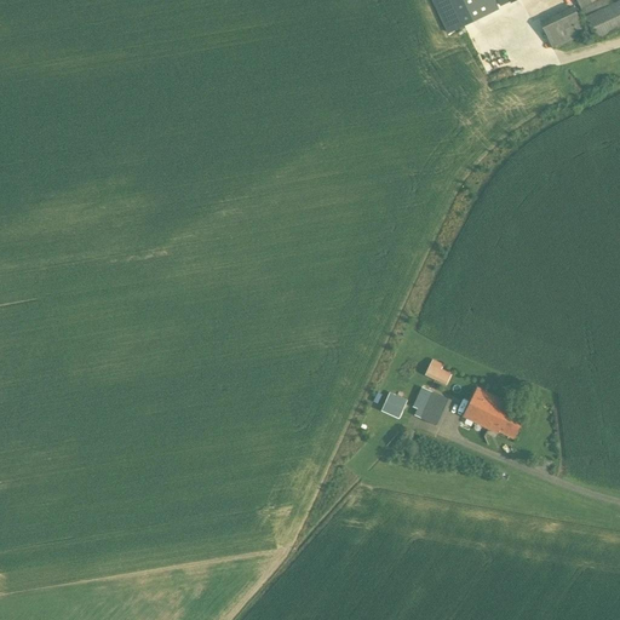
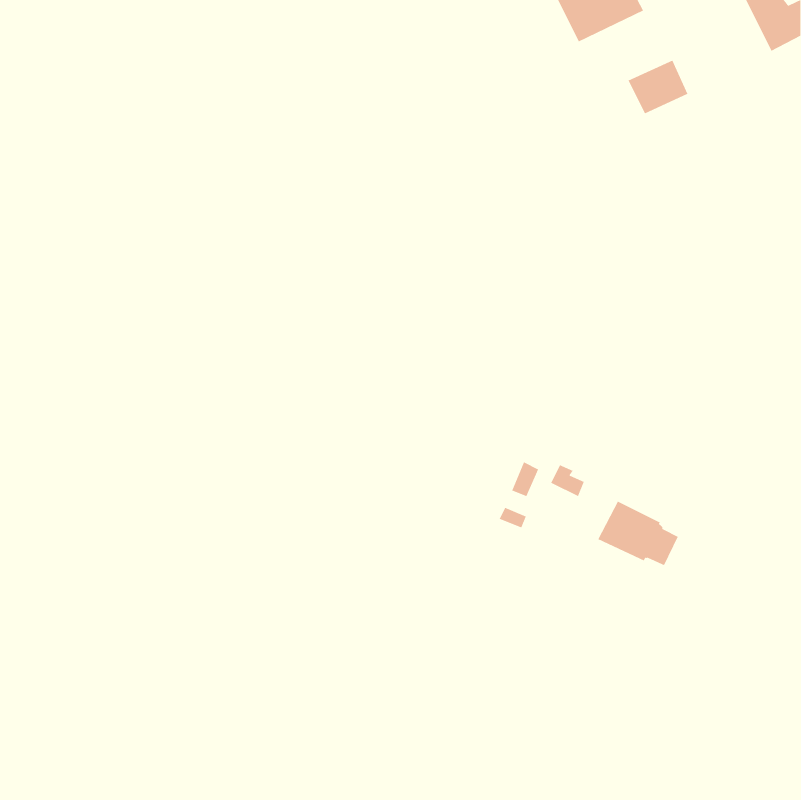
building: [539,6,586,48] -> [627,60,689,115]
building: [415,385,452,426] -> none

